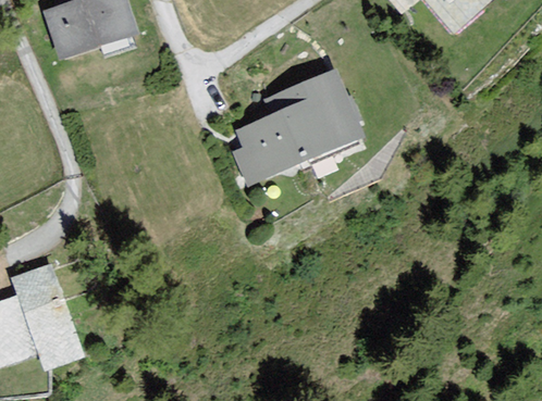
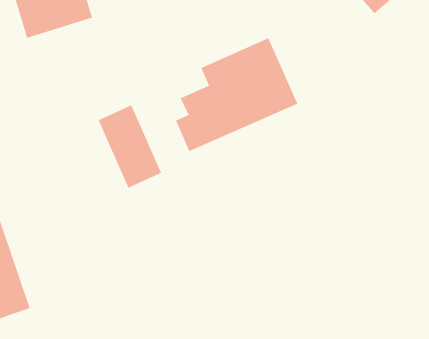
building: none -> [98,104,162,189]

